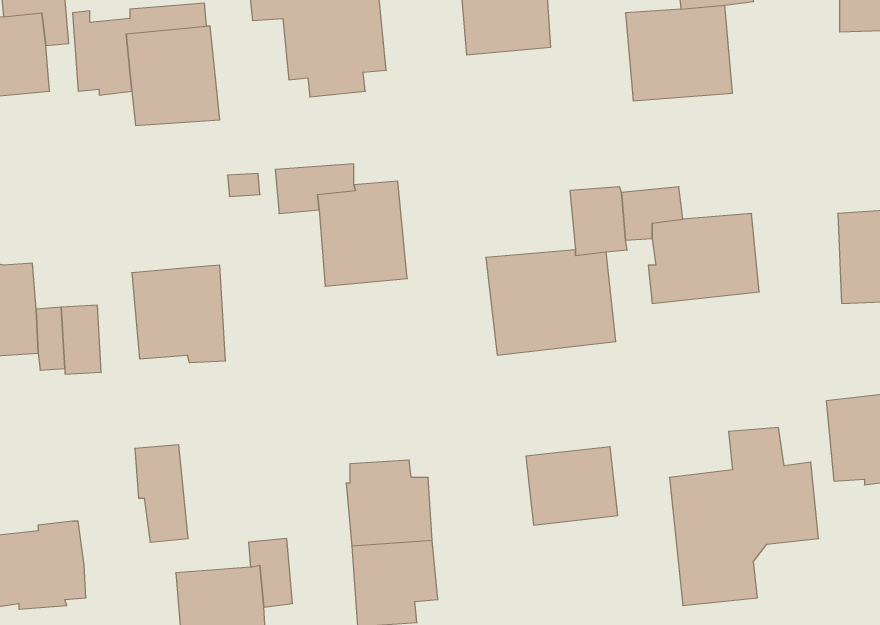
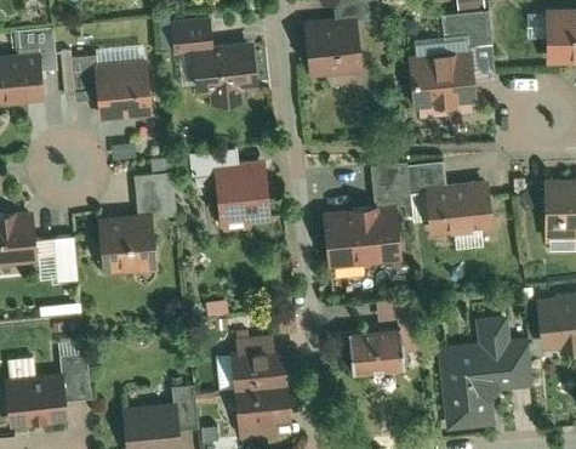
building: none -> [135,174,175,214]
building: [135,445,188,542] -> [57,341,91,403]

